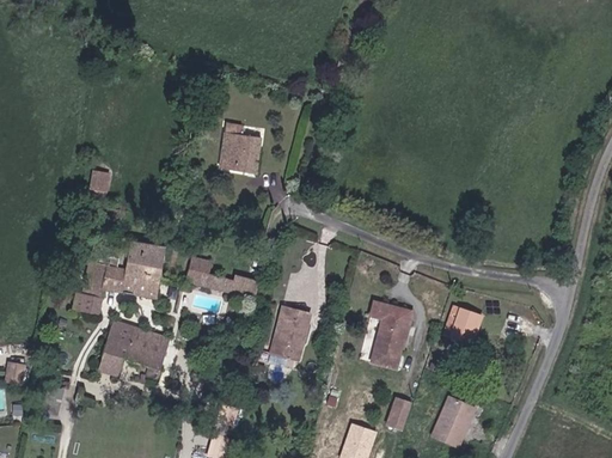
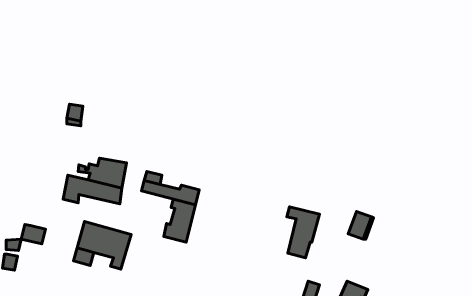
building: [220,122,262,173] -> none
building: [72,291,103,316] -> [21,224,45,244]
building: [270,305,311,360] -> [164,199,195,242]

